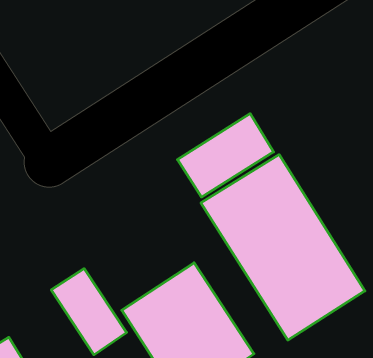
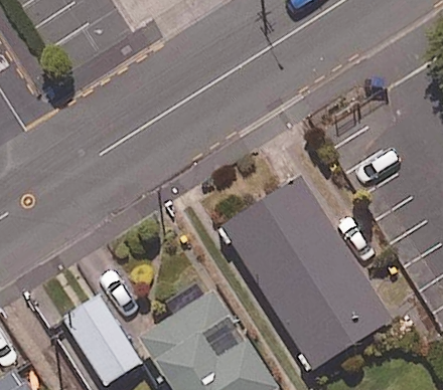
building: [177,114,274,197] -> none

